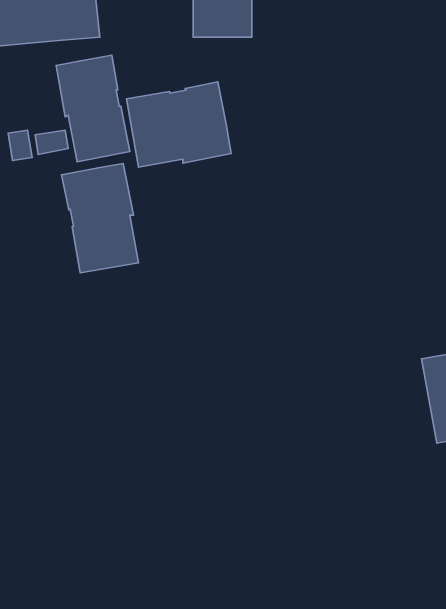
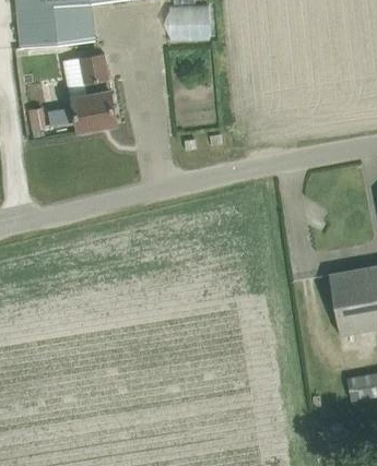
building: [126,82,231,167] -> none
building: [62,163,138,273] -> none

